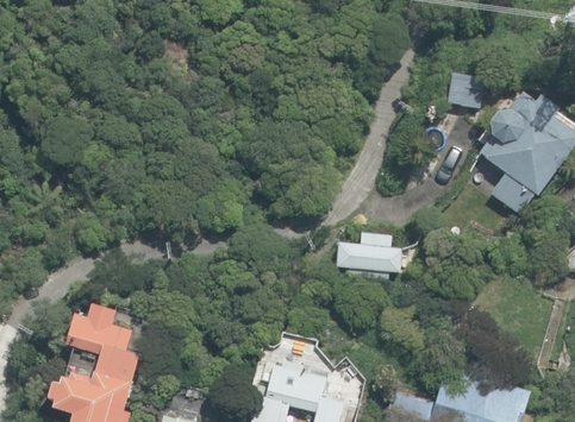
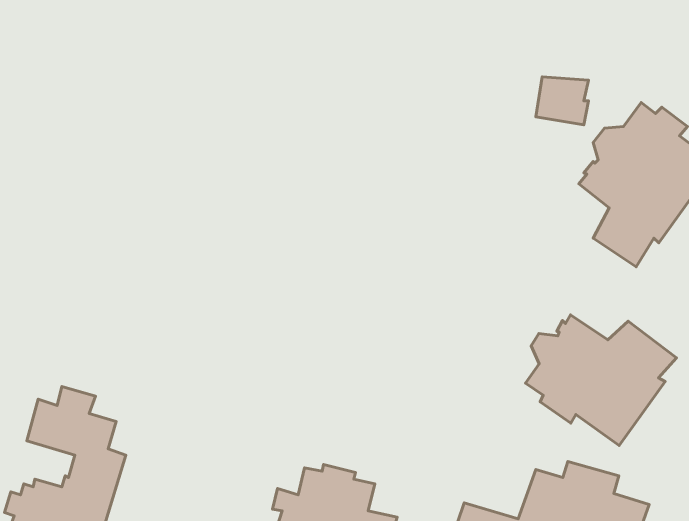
building: [337,233,402,277] -> none
building: none -> [526,315,676,445]

